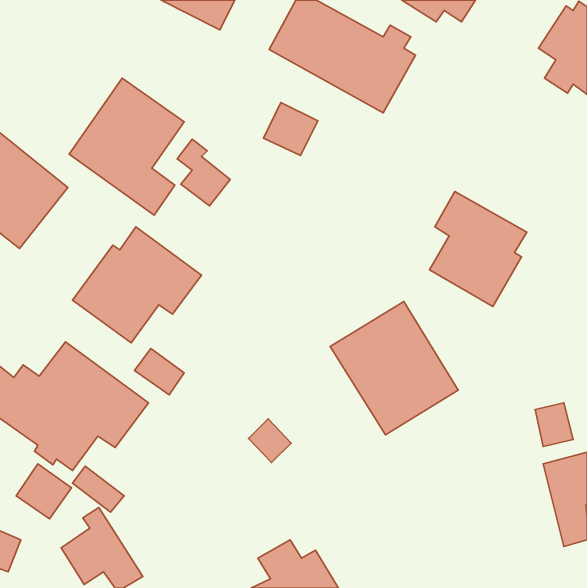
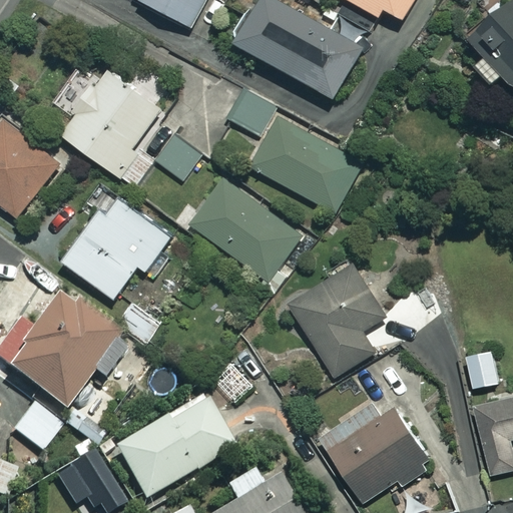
building: none -> [249,115,364,214]
building: [429,192,527,307] -> none
building: none -> [190,179,301,280]
building: none -> [114,399,231,499]
building: none -> [319,401,431,503]

